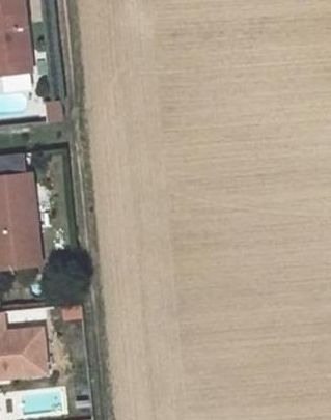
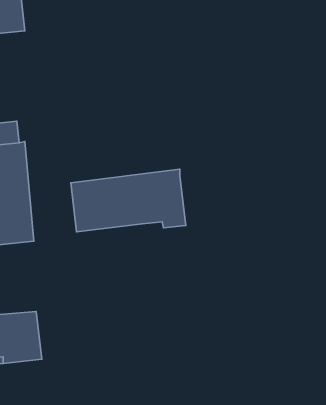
building: none -> [71,169,186,232]

